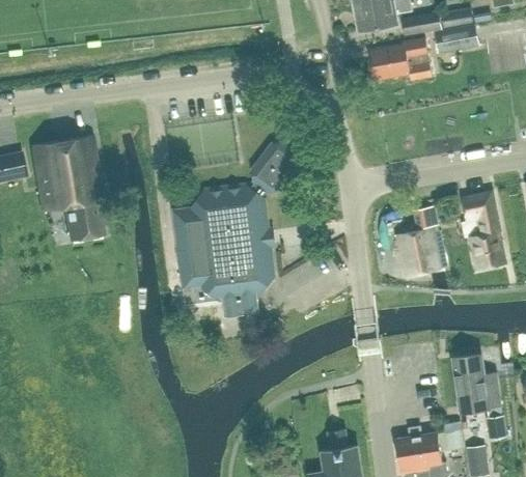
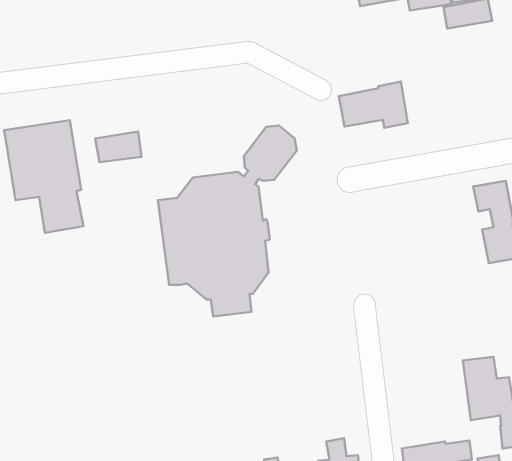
building: [368,38,432,81] -> [339,82,408,128]
building: none -> [95,132,142,162]
building: [397,205,443,275] -> none

